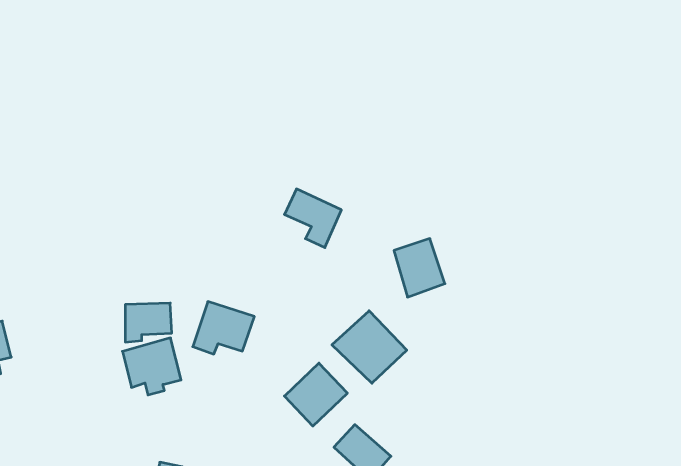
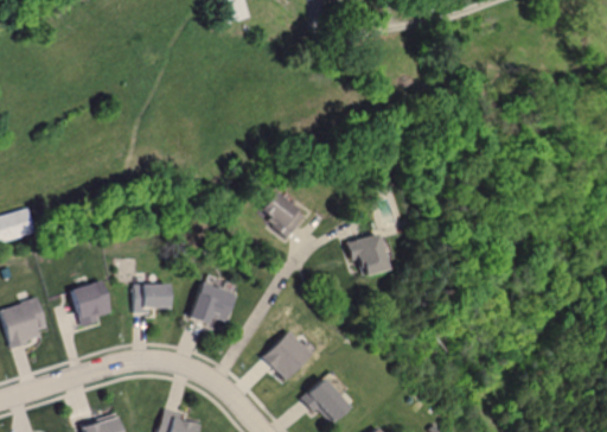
building: [332,311,407,383] -> none
building: [122,338,181,395] -> [68,279,114,324]

